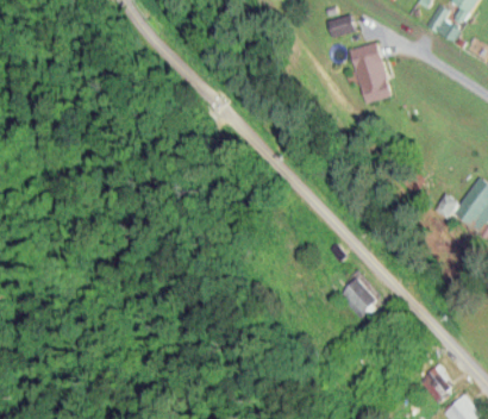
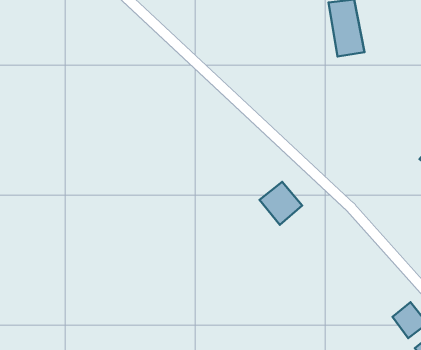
building: [334,274,380,319] -> [260,182,302,225]

